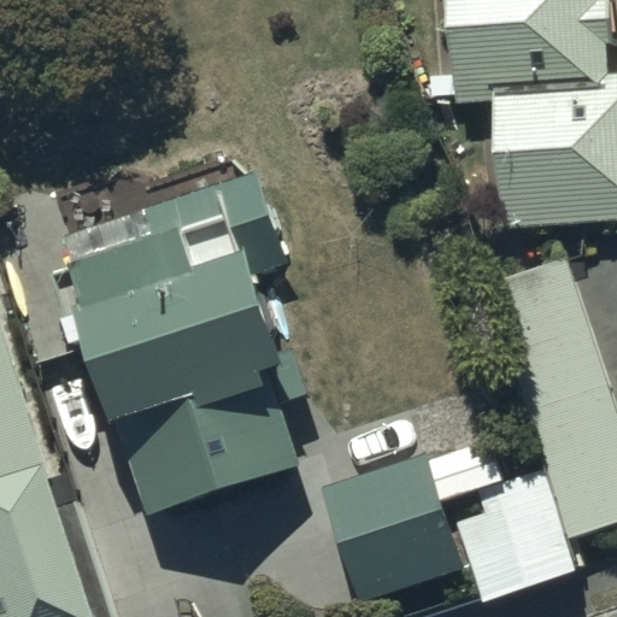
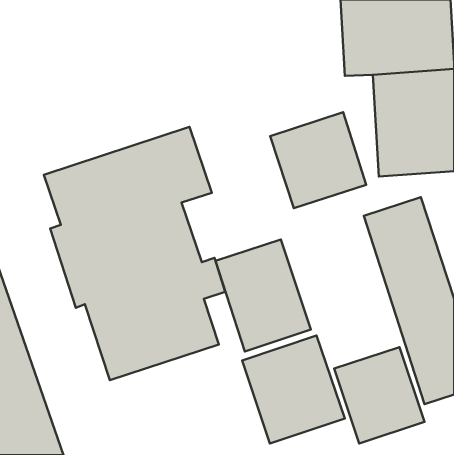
building: none -> [270,112,366,208]
building: none -> [215,239,311,352]

